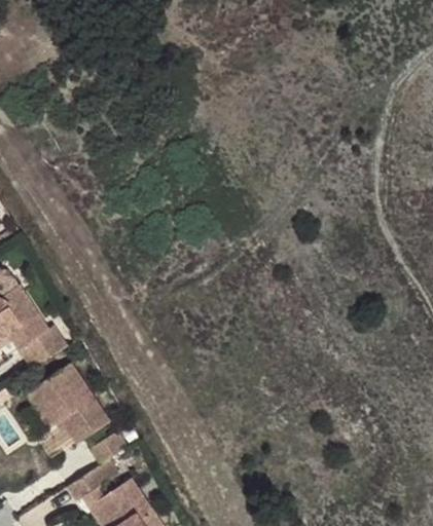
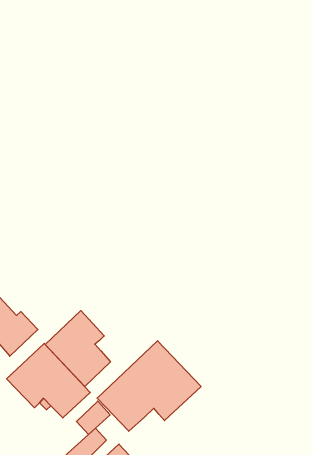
building: none -> [45,311,110,386]
building: none -> [97,341,201,431]

